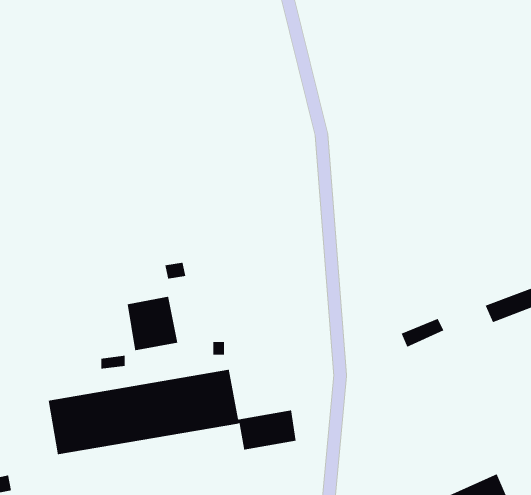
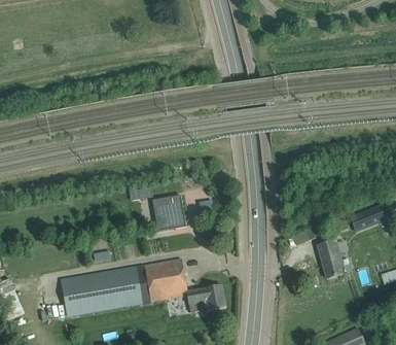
building: [127,296,178,351] -> [152,195,186,231]
building: none -> [318,241,341,277]

